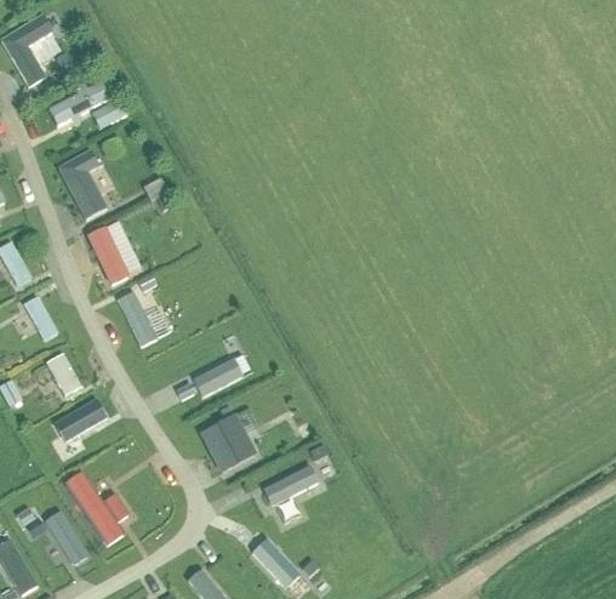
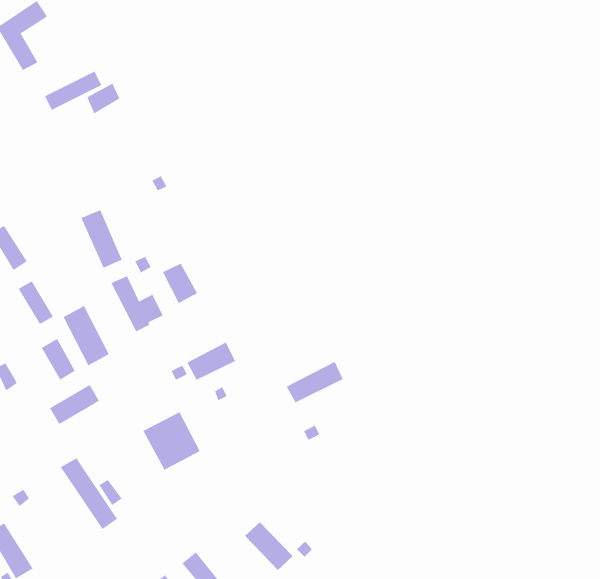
building: [58,149,107,218] -> none
building: none -> [162,263,198,304]
building: none -> [63,305,109,366]
building: [199,413,257,473] -> [143,411,200,470]
building: [262,463,320,506] -> [286,361,343,403]
building: [44,508,90,564] -> none

